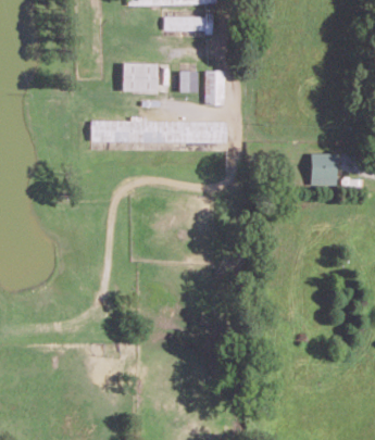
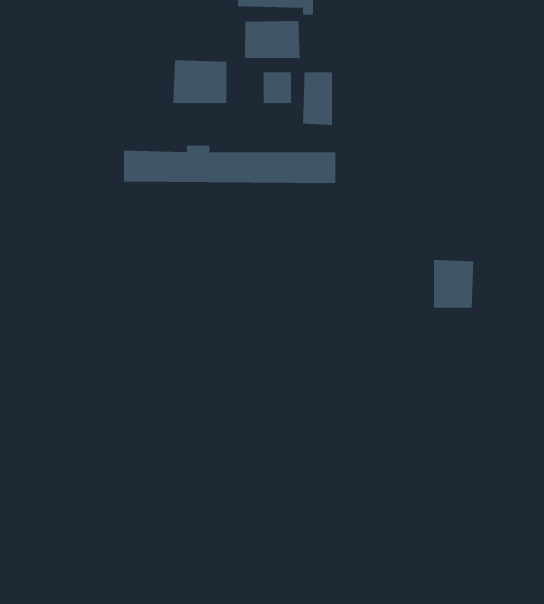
building: none -> [244,20,301,59]
building: [311,153,337,185] -> [433,259,474,308]

